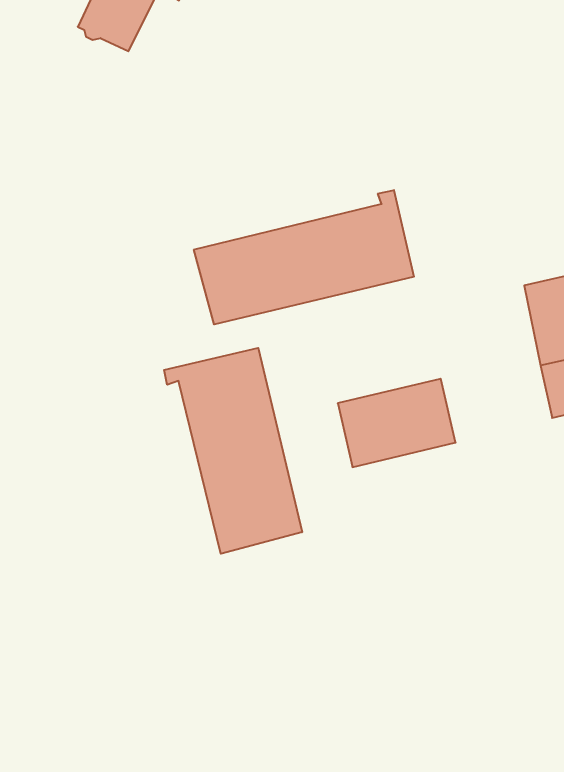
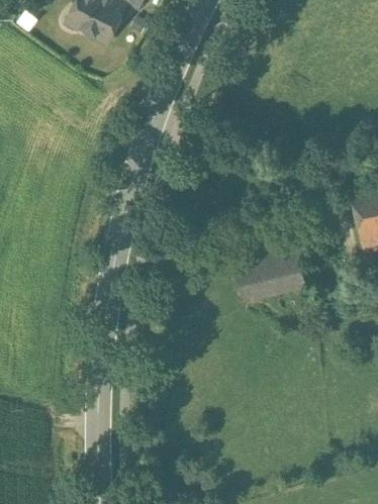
building: [194,190,414,324] -> none
building: [164,348,302,554] -> none

